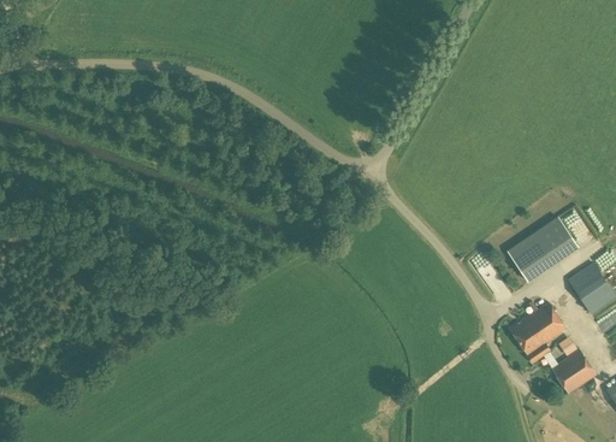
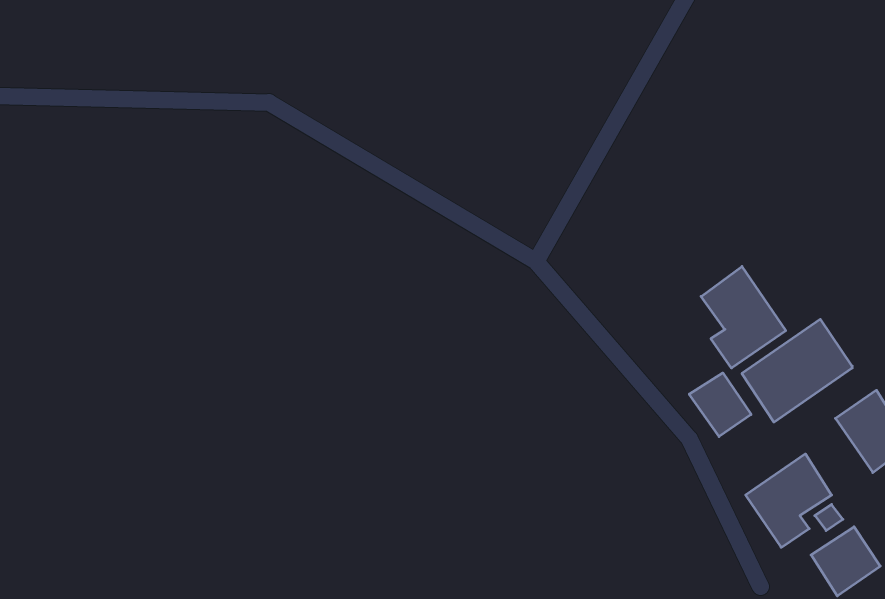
building: none -> [701,266,786,368]
building: none -> [689,373,751,437]

